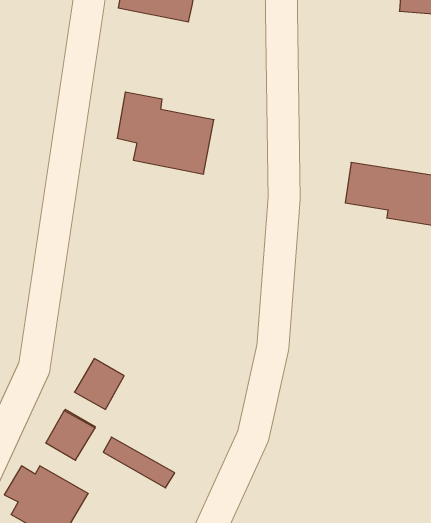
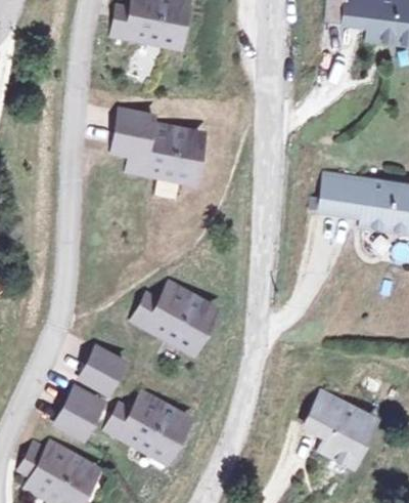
building: none -> [136,285,216,352]
building: none -> [113,393,186,449]
building: none -> [306,394,373,465]

